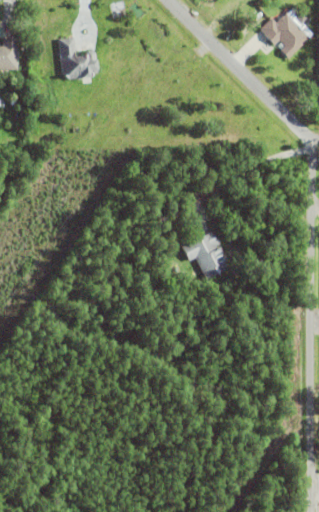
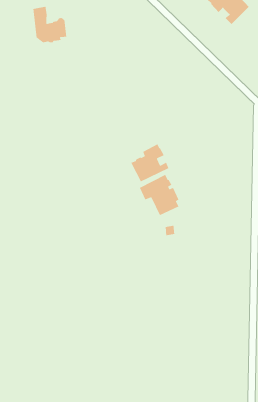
building: none -> [130,143,170,183]

